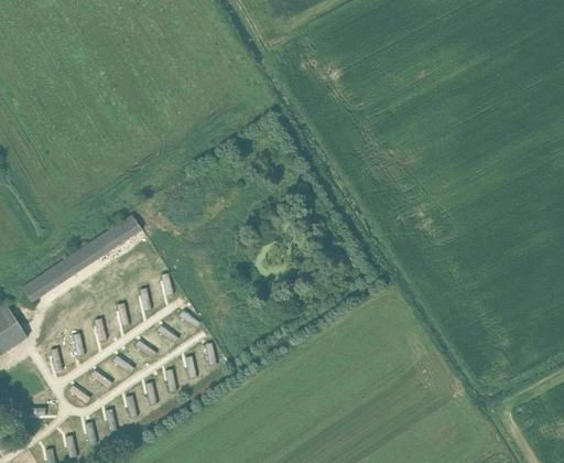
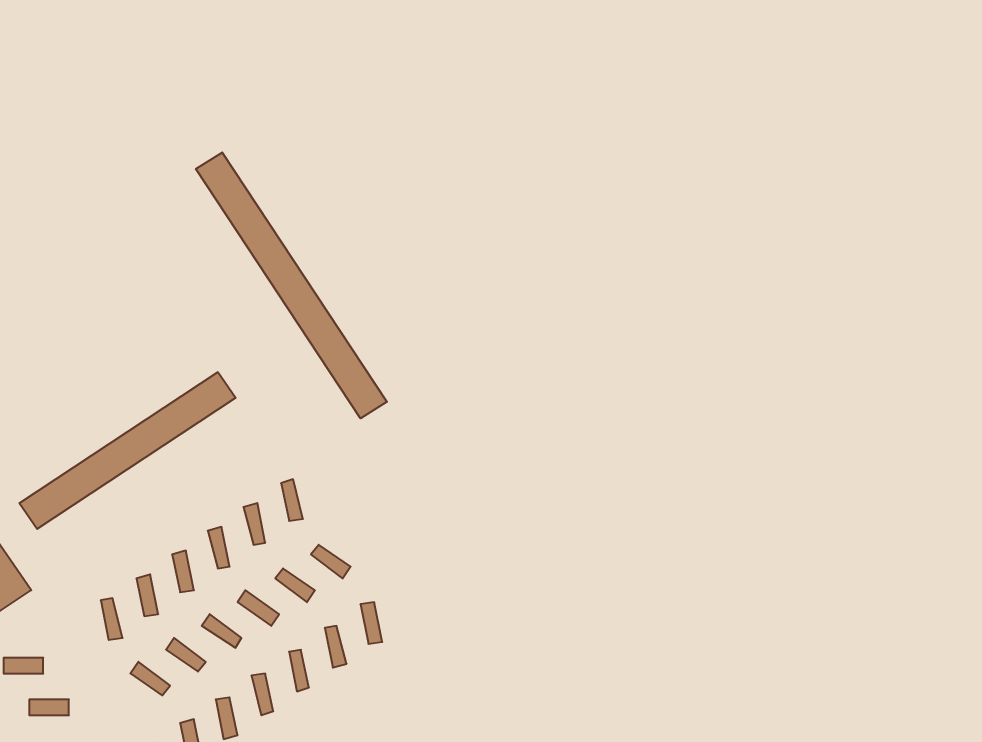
building: none -> [196,152,387,418]

